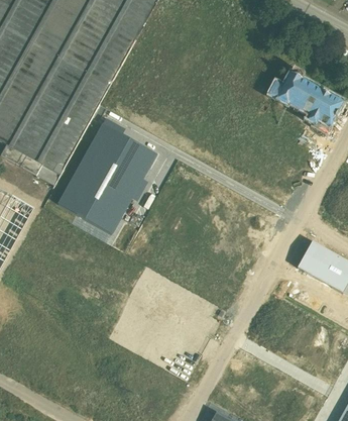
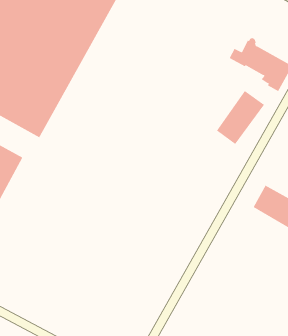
building: [57,123,155,233] -> none
building: none -> [216,90,265,145]

